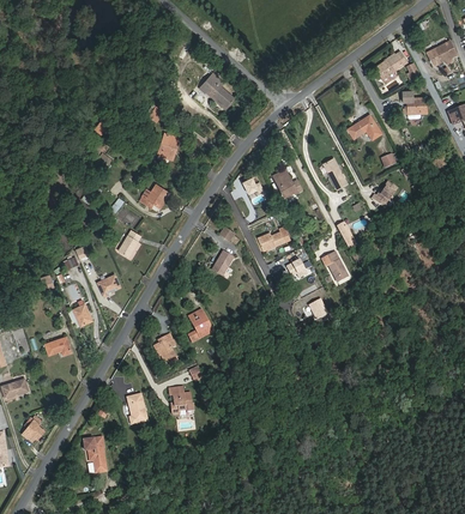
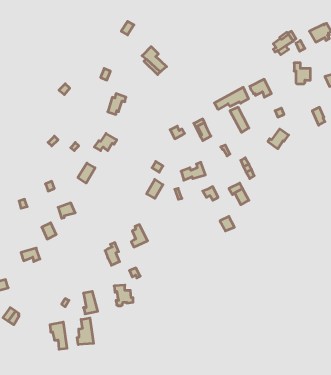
building: none -> [214,87,248,109]
building: none -> [77,318,94,345]

